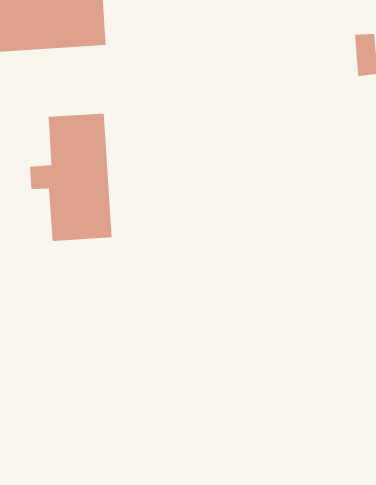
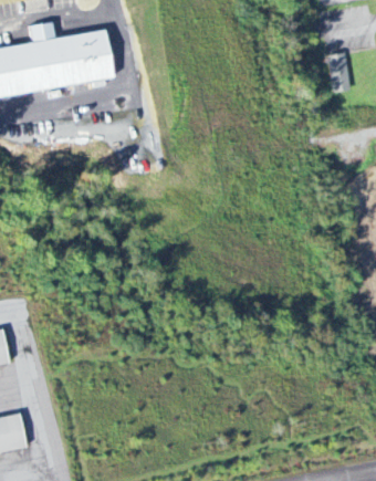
building: [29,113,113,242] -> none

